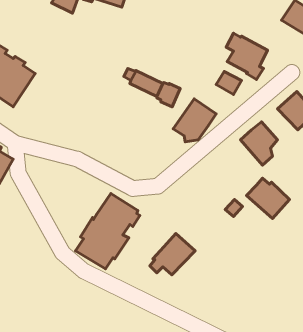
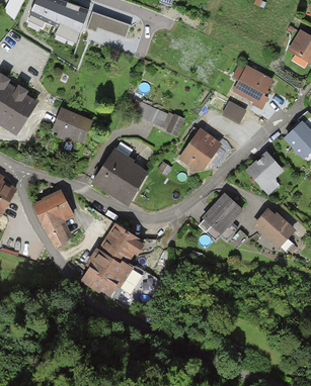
building: none -> [51,107,92,143]
building: none -> [91,148,149,206]
building: none -> [31,189,74,249]
building: [150,234,195,275] -> [198,193,243,234]

